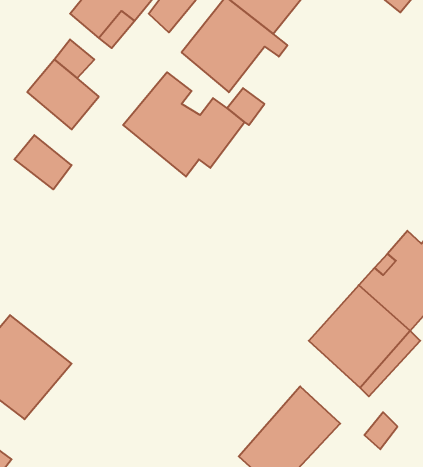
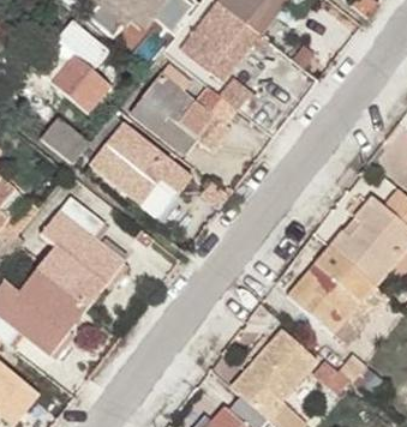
building: none -> [90,121,191,214]
building: none -> [38,197,127,308]

